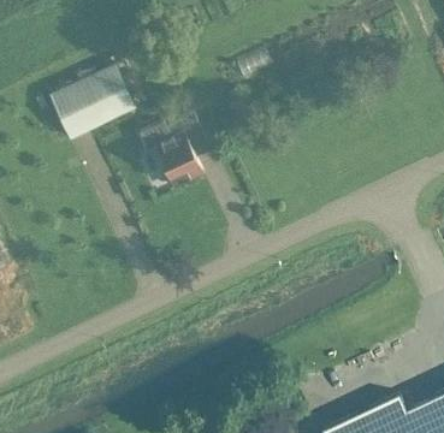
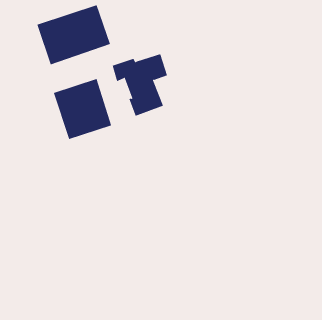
building: none -> [53,78,112,140]

